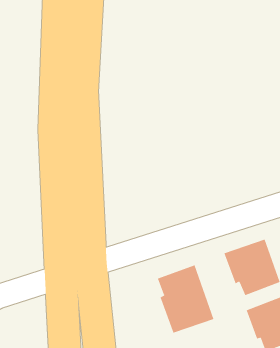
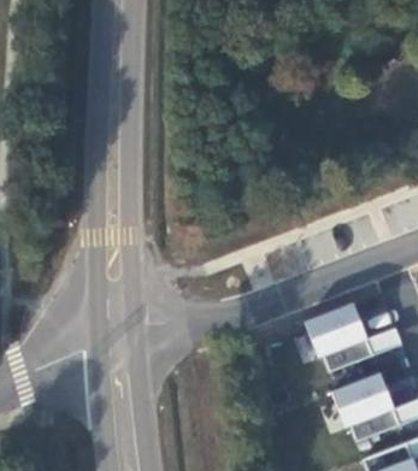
building: [157,265,214,333] -> none

